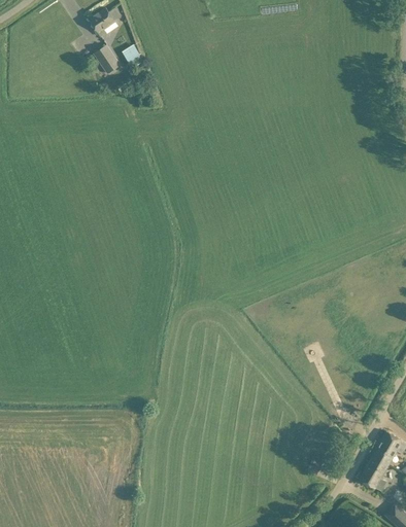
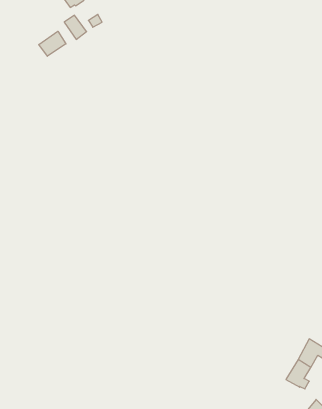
building: none -> [39,31,66,56]

